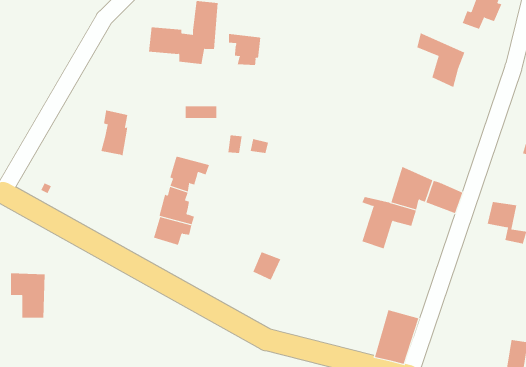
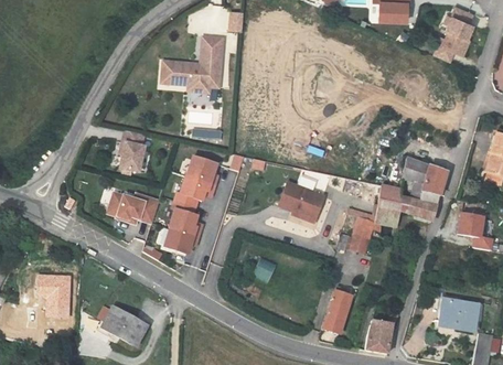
building: [416,32,465,88] -> [404,157,447,205]
building: [228,33,261,66] -> none
building: none -> [185,154,216,181]
building: none -> [278,183,324,217]
building: none -> [107,193,159,222]
building: none -> [322,291,351,334]
building: none -> [441,299,479,332]
building: none -> [101,308,147,346]

